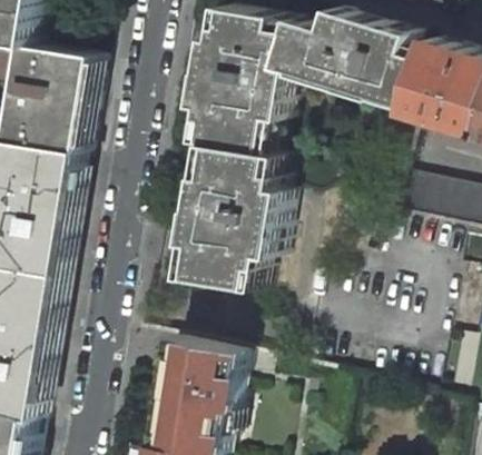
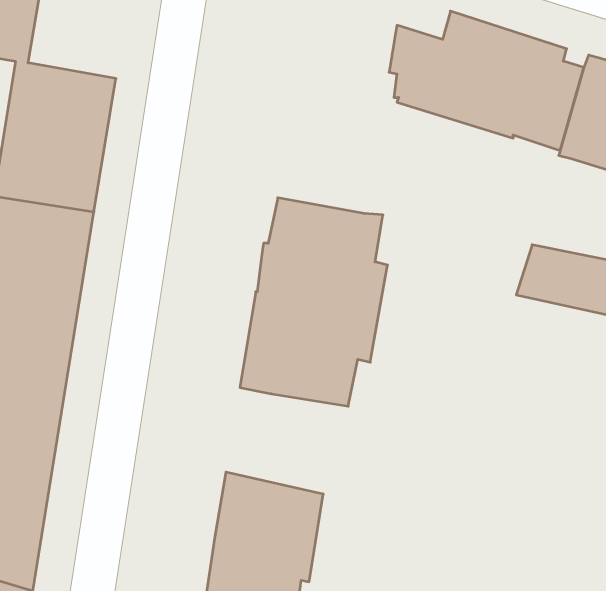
building: [195,9,294,155] -> none

